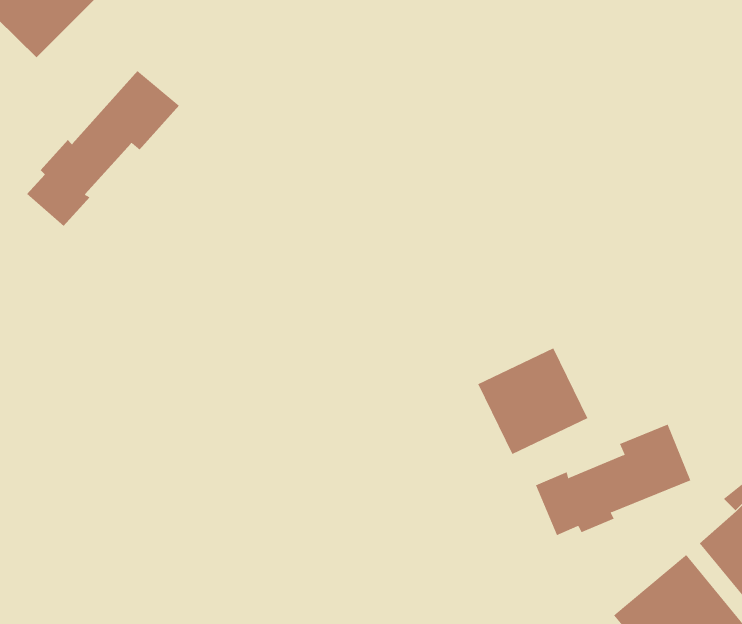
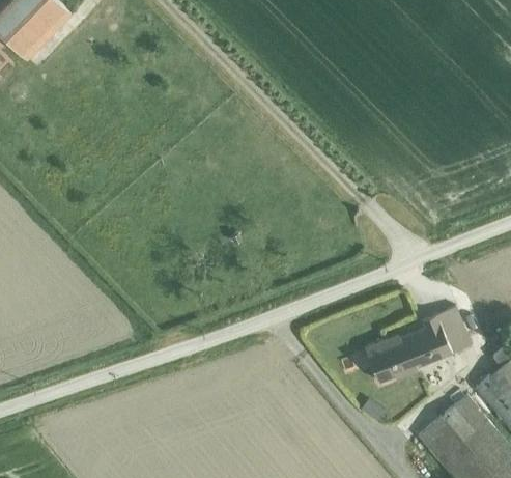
building: [26,70,180,227] -> none
building: [477,347,588,455] -> none

